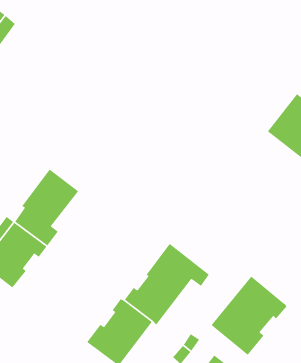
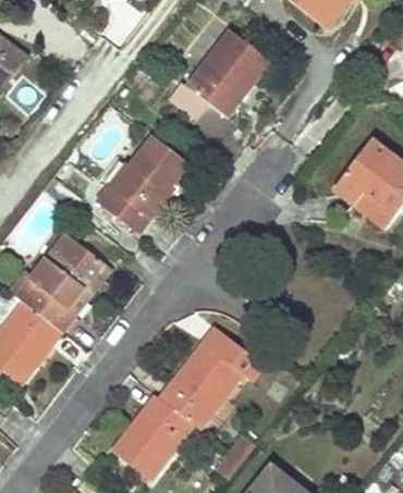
building: none -> [187,29,269,116]
building: none -> [98,136,187,233]
building: [211,276,287,356] -> none

